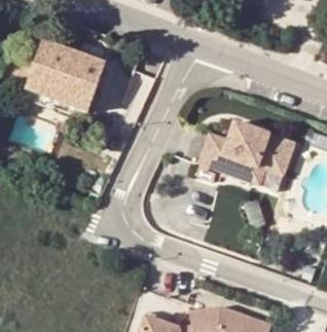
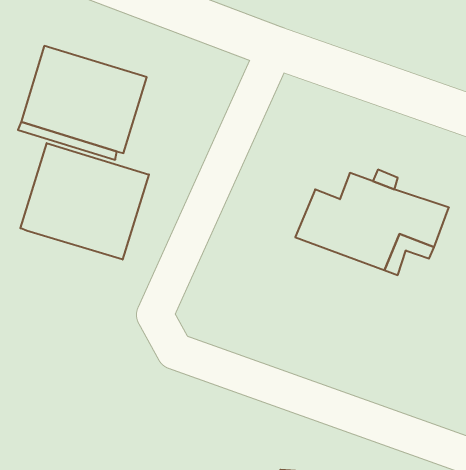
building: none -> [20,143,149,260]

